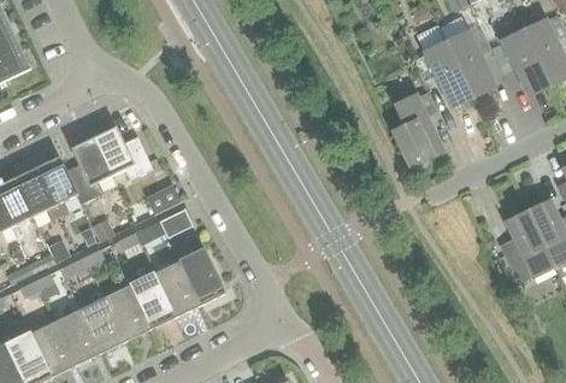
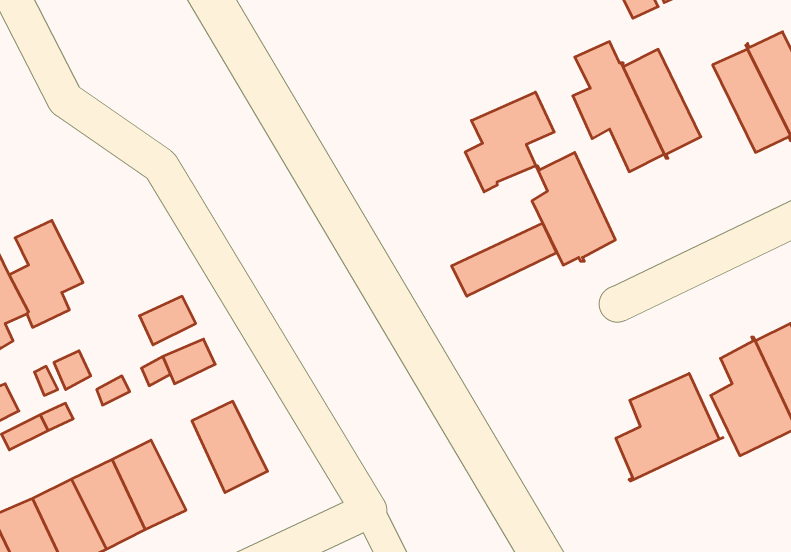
building: none -> [465,92,554,192]
building: [92,126,152,179] -> none
building: none -> [452,223,557,296]
building: none -> [616,373,723,481]
building: [153,261,199,317] -> none

